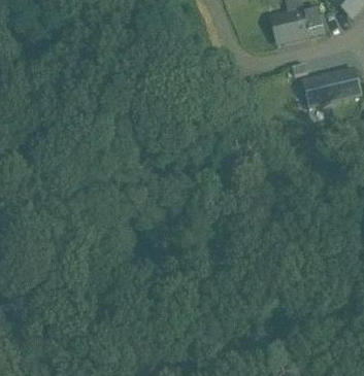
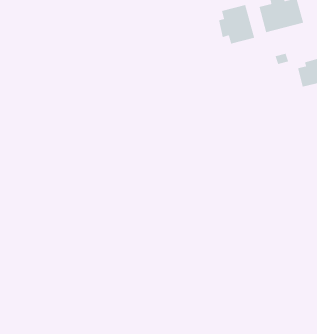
building: none -> [218,4,255,44]

